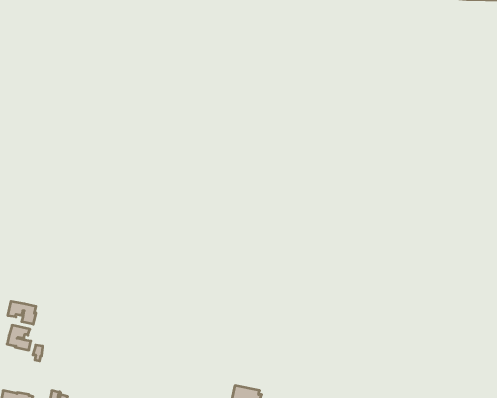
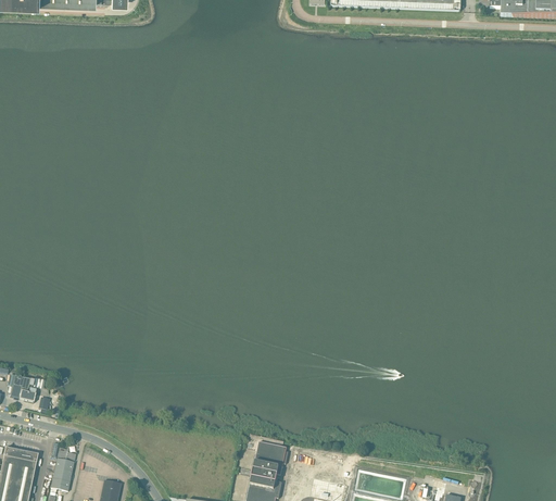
building: [8,301,36,324] -> none

